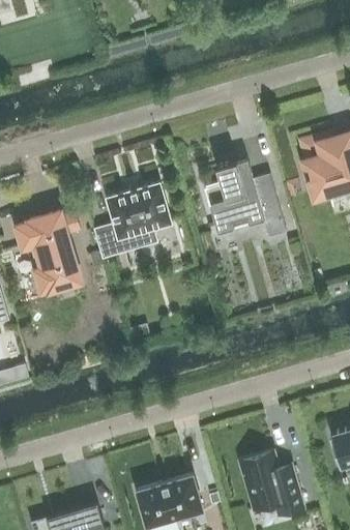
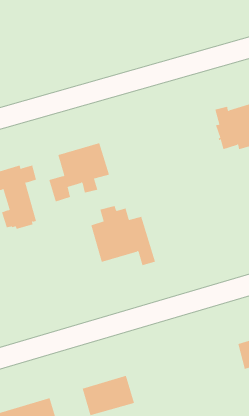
building: [204,161,286,237] -> [90,205,156,266]
building: [239,451,303,516] -> none

